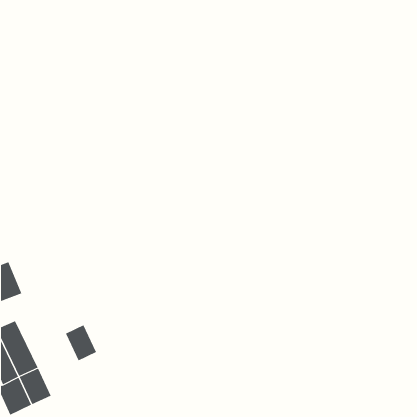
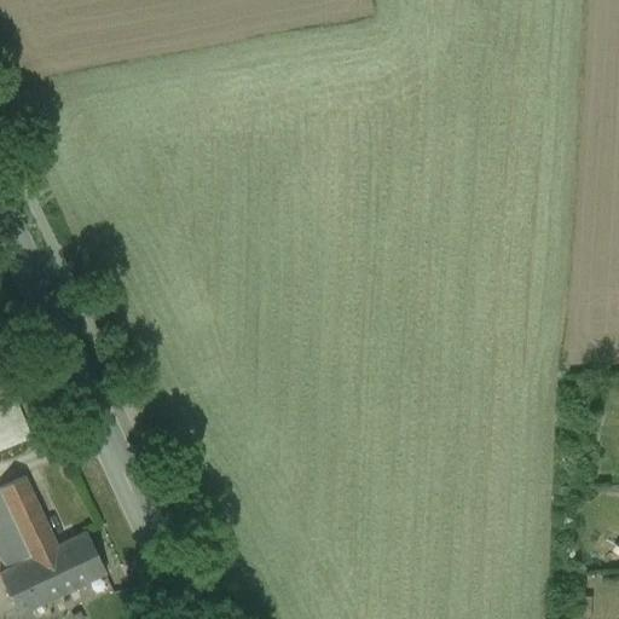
building: [65,324,97,361] -> [58,532,105,586]

